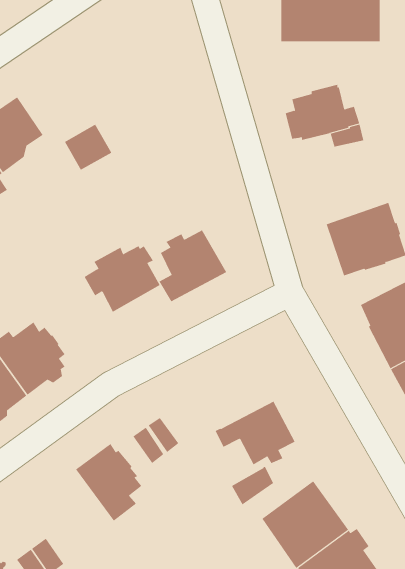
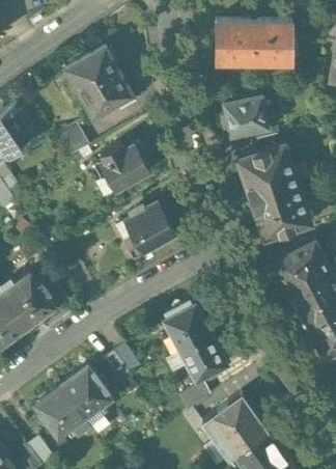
building: none -> [66,47,135,117]
building: none -> [237,144,299,200]
building: [84,245,161,313] -> [93,142,151,193]
building: none -> [163,301,213,355]
building: none -> [34,386,91,438]

